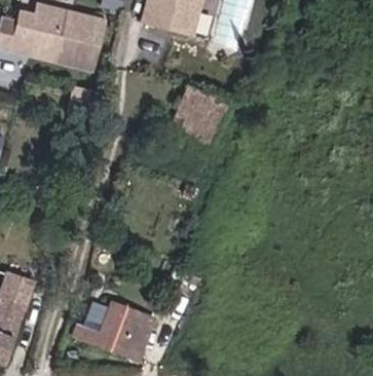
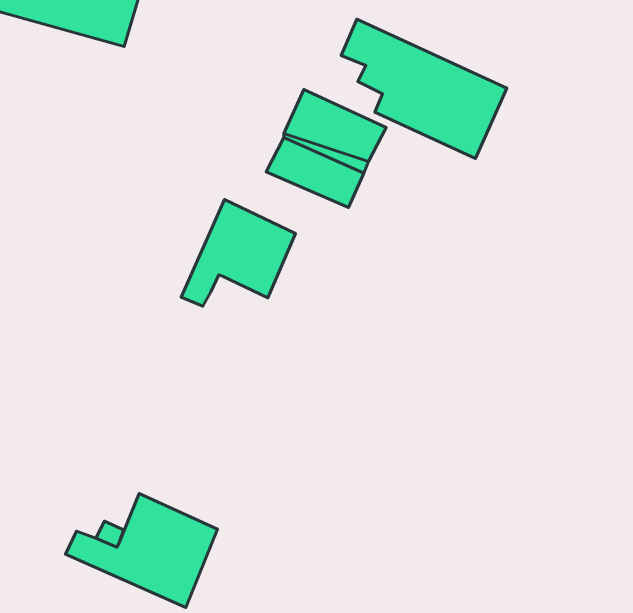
building: none -> [341,19,507,158]
building: none -> [181,199,296,306]

